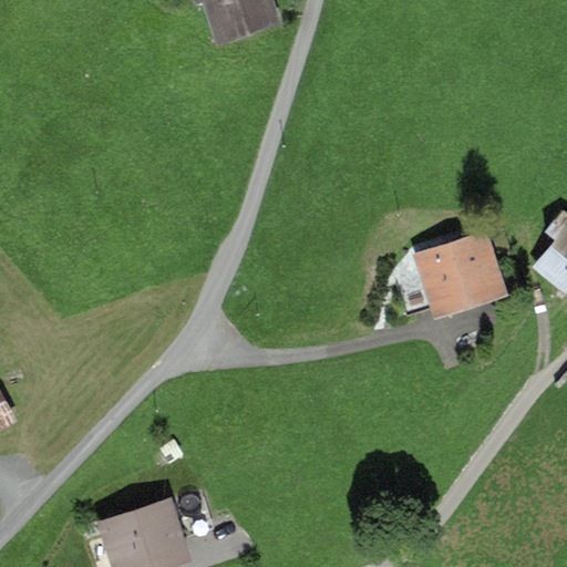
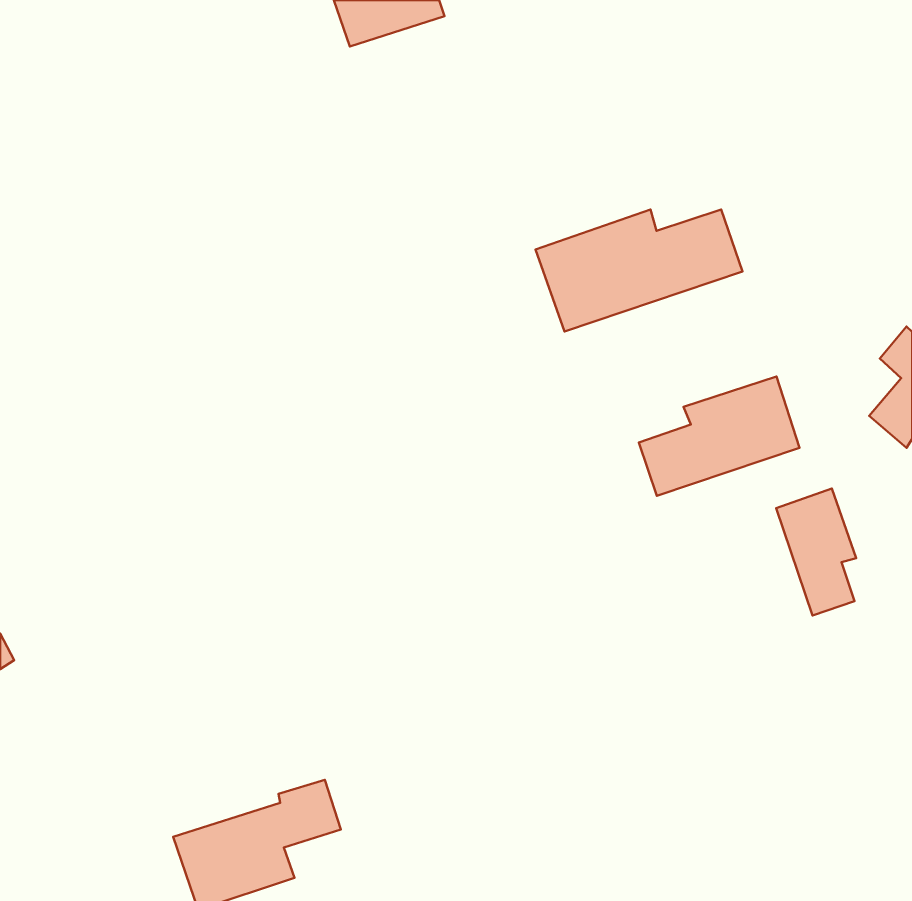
building: none -> [536,209,742,332]
building: none -> [776,489,856,616]

